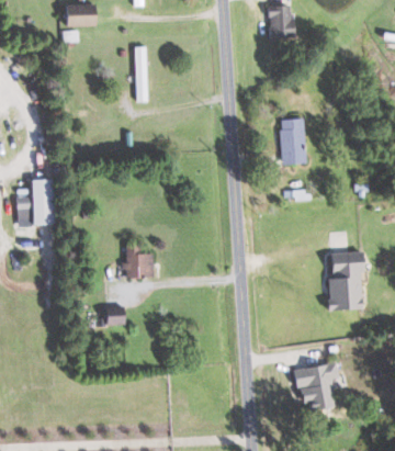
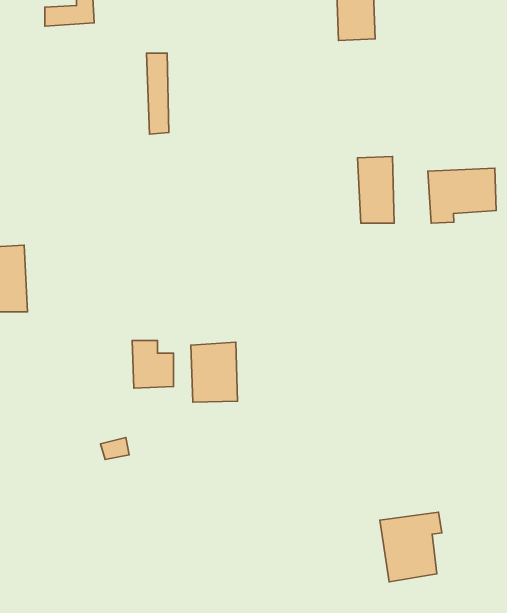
building: none -> [428,168,496,223]
building: none -> [191,342,238,402]
building: [327,251,364,309] -> none

